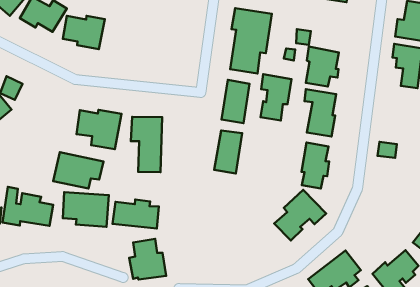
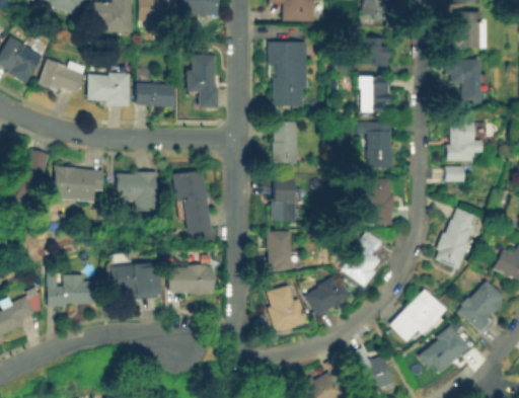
building: none -> [186,54,219,108]
building: none -> [360,33,390,67]
building: none -> [135,83,177,106]
building: [261,74,291,120] -> none
building: none -> [445,123,480,161]
building: [53,152,103,189] -> [52,167,103,203]
building: none -> [266,231,293,269]
building: none -> [434,208,477,270]
building: none -> [305,275,351,316]
building: [129,239,166,280] -> [265,285,307,331]

